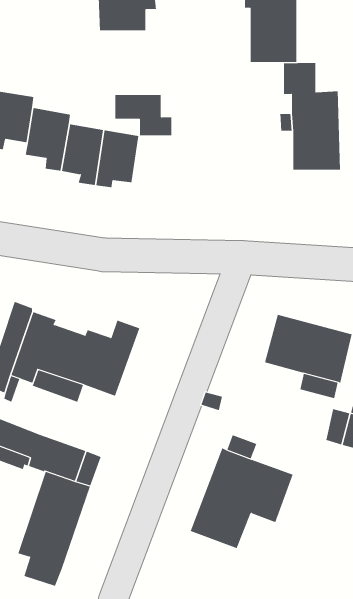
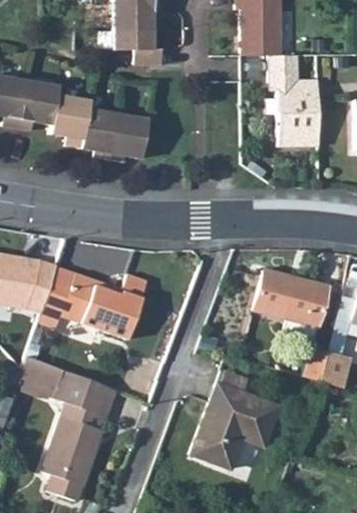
building: [114,94,172,136] -> [114,28,163,63]

